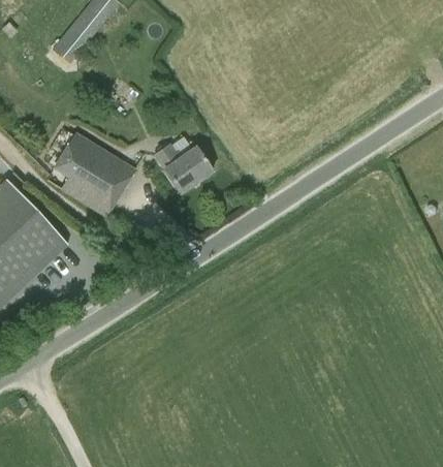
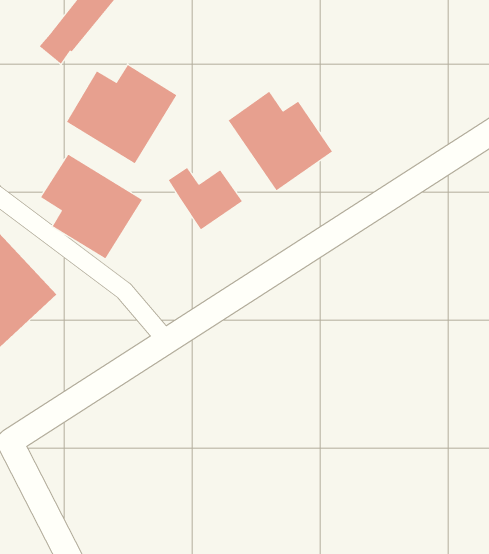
building: none -> [66,64,177,164]
building: none -> [228,91,333,191]

